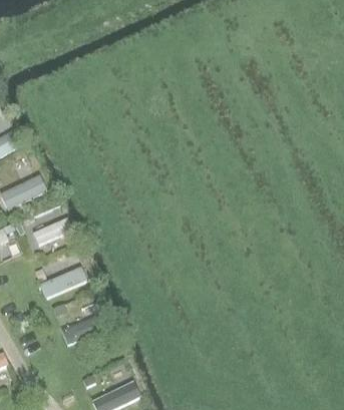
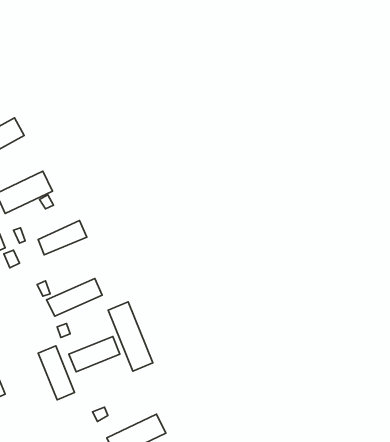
building: none -> [108,302,153,371]
building: none -> [38,346,75,400]

